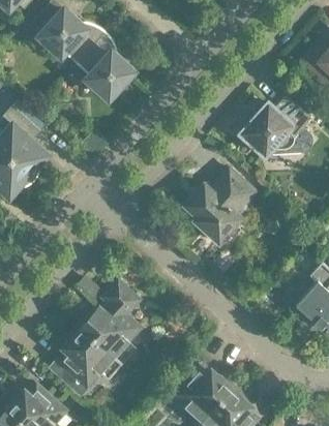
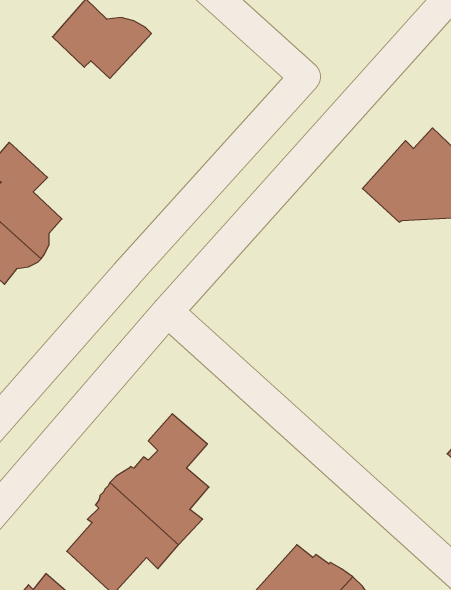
building: [77,35,129,99] -> none
building: [184,170,255,245] -> none

